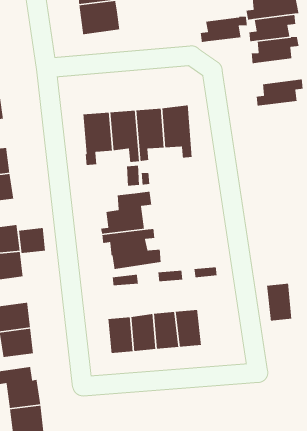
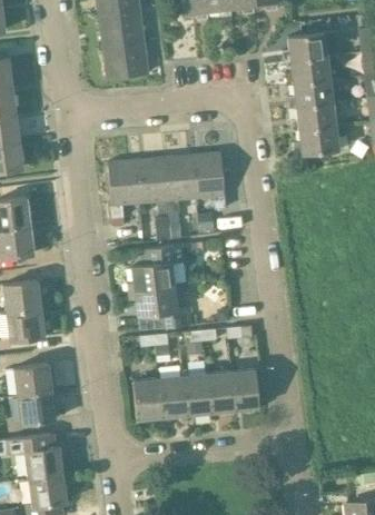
building: [200,16,248,43] -> [292,102,343,131]
building: [18,227,46,254] -> none
building: [266,283,292,321] -> [231,369,259,410]

